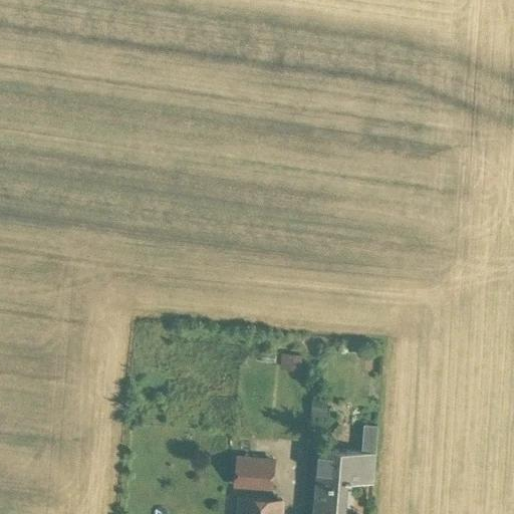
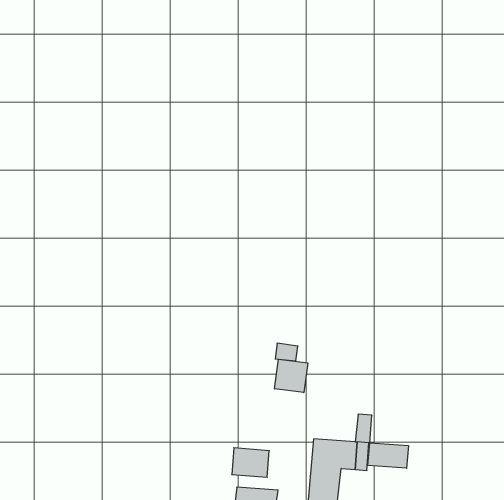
building: none -> [275,359,308,393]
building: none -> [368,443,408,468]

